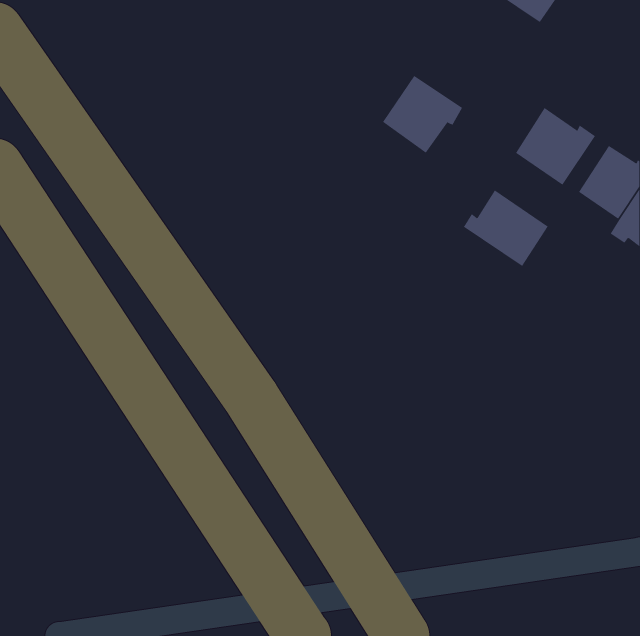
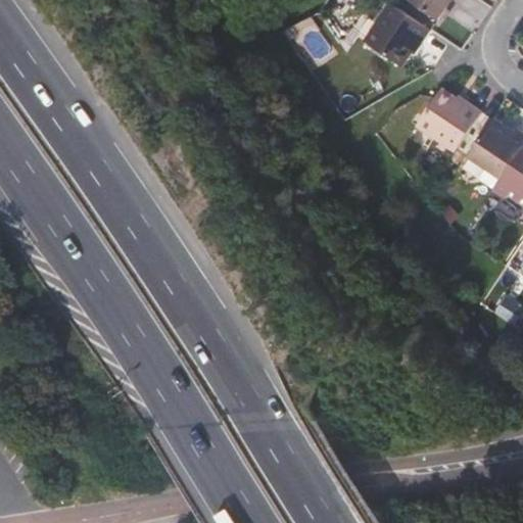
building: [382,75,463,153] -> [364,4,429,67]
building: [463,189,548,267] -> none

